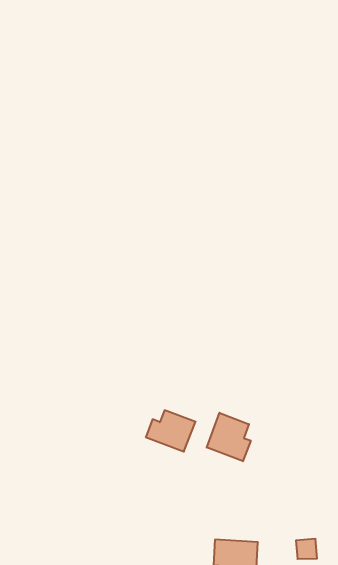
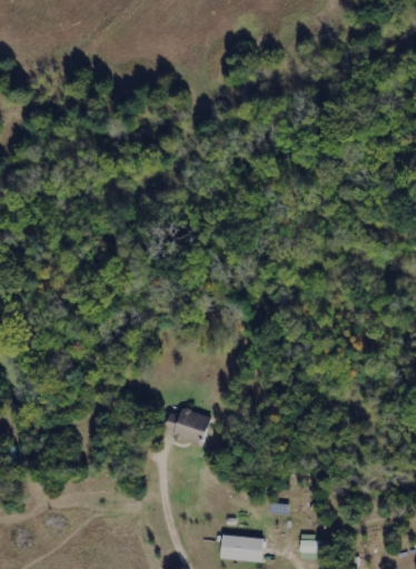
building: [207,413,251,461] -> none

